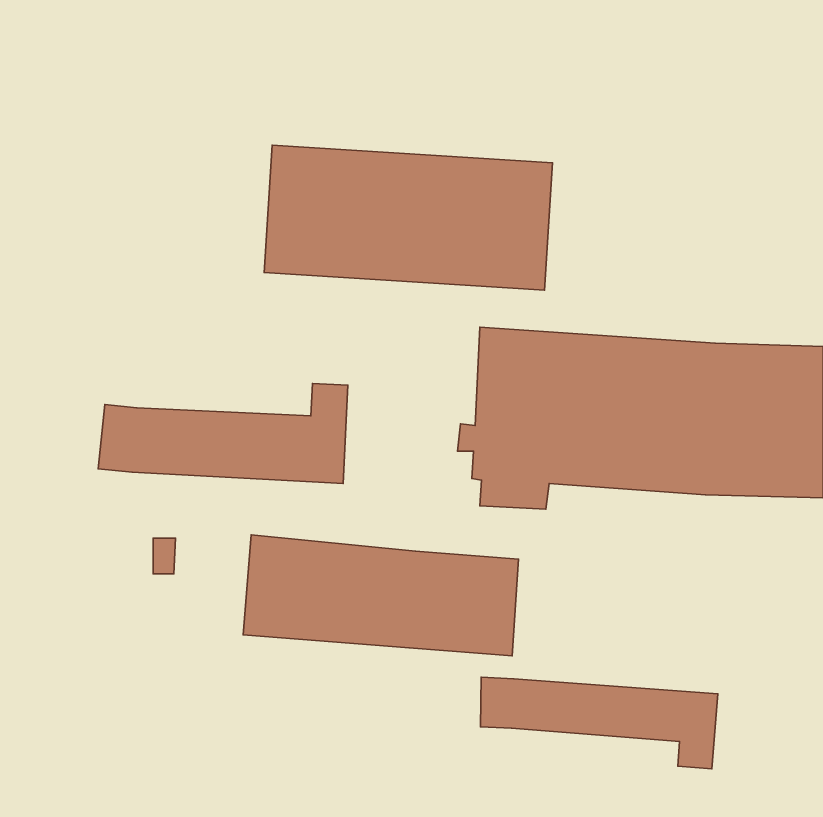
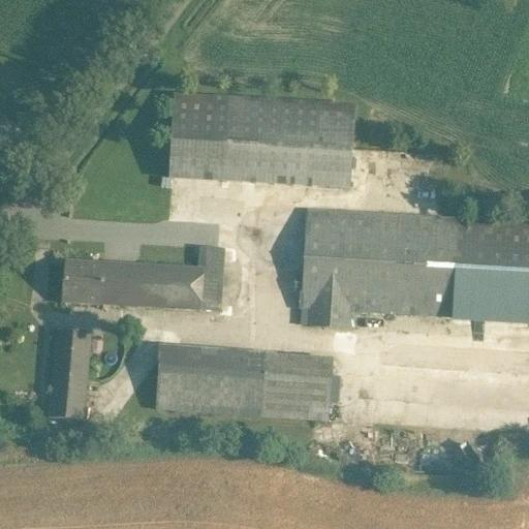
building: none -> [49,330,91,419]
building: [480,677,718,769] -> none

